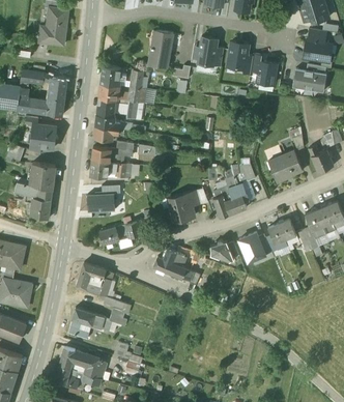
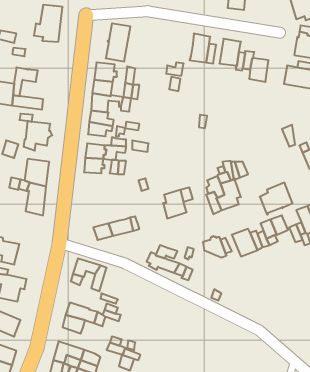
building: [148,30,173,68] -> [106,23,130,61]
building: [41,74,67,115] -> none
building: [269,150,303,182] -> [260,183,293,214]
building: [89,196,114,212] -> none

